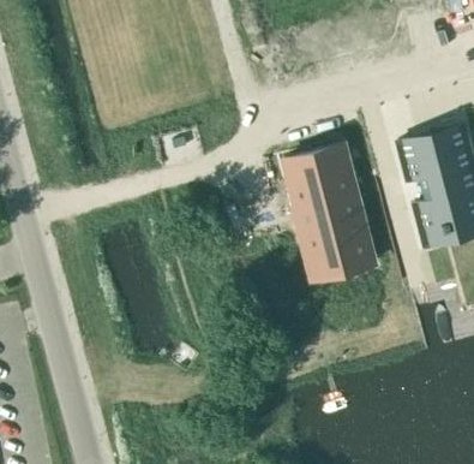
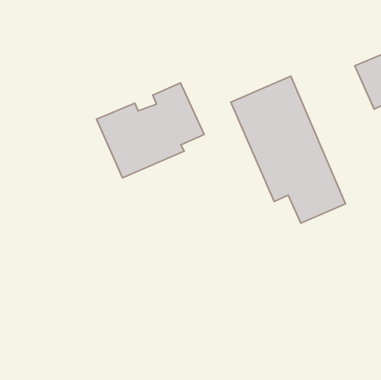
building: none -> [96,83,204,178]

